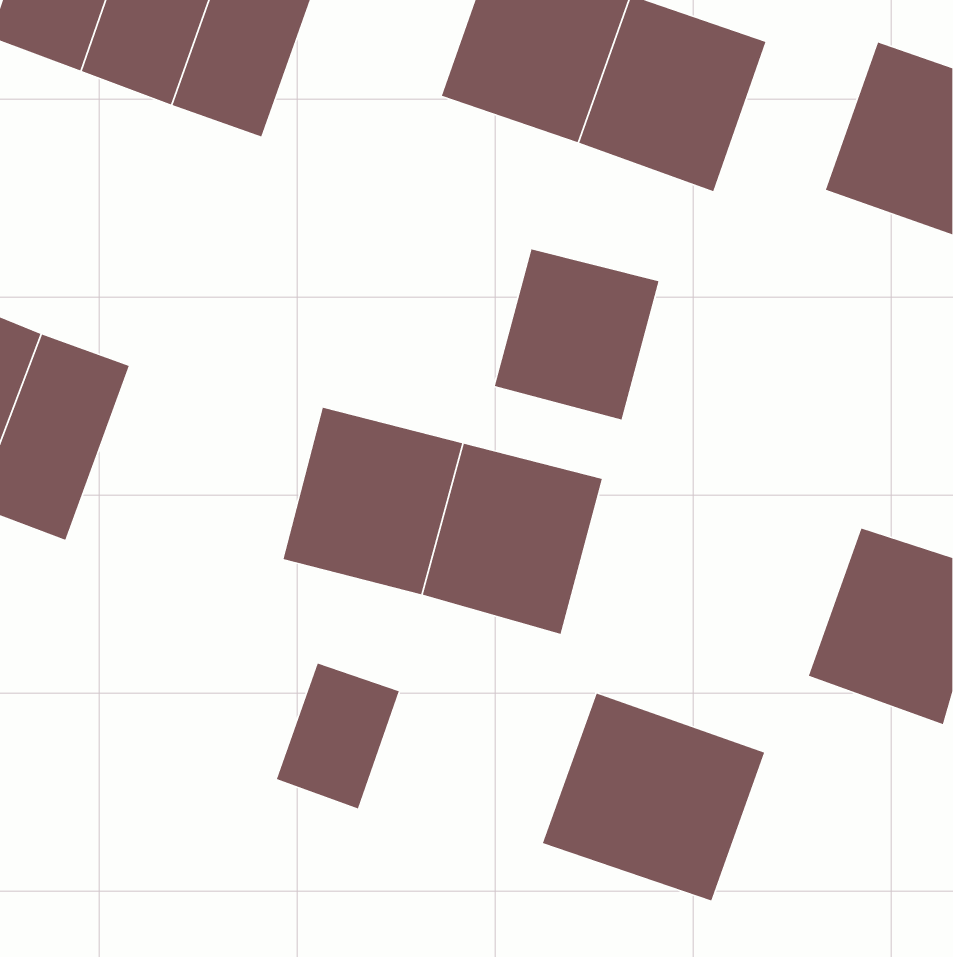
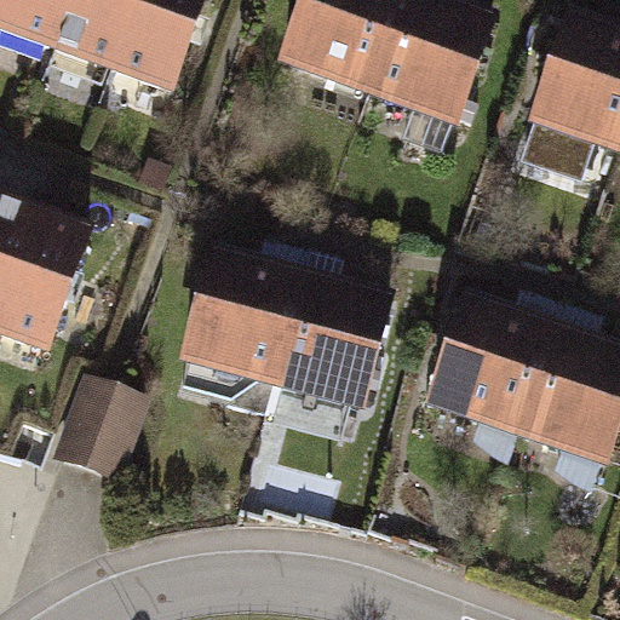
building: [494,249,660,420] -> none
building: none -> [431,308,553,435]
building: [276,663,400,810] -> [58,383,138,477]
building: [542,692,765,902] -> none

